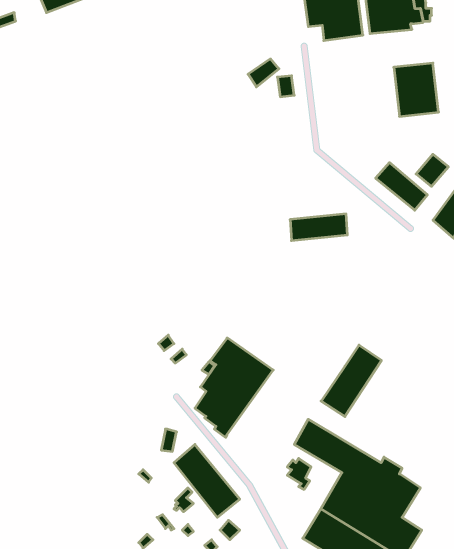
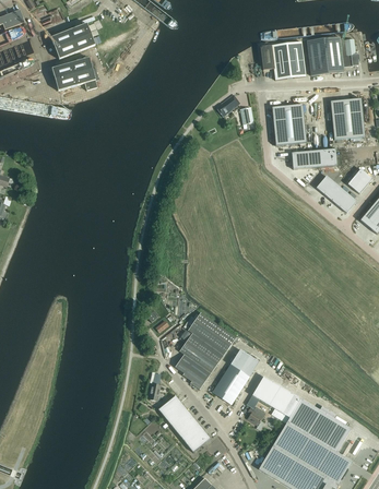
building: none -> [51,57,97,90]
building: none -> [272,104,307,145]
building: [290,214,347,241] -> [292,147,336,168]
building: [321,345,381,417] -> [212,347,259,403]

